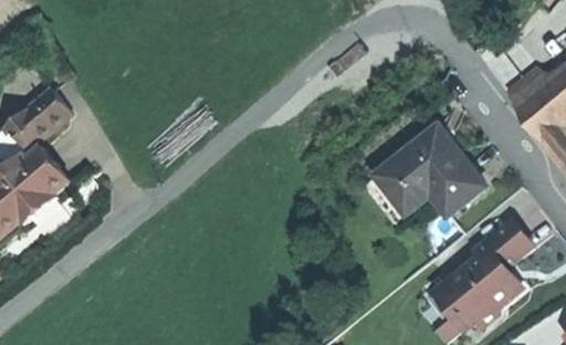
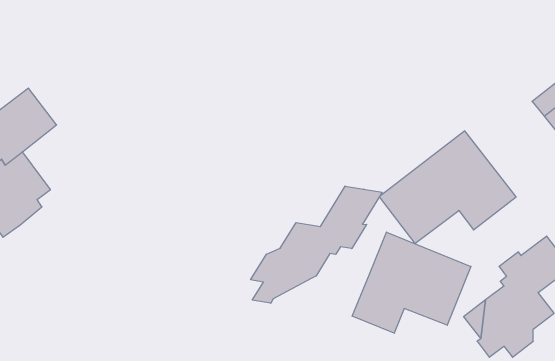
building: none -> [251,186,382,303]
building: none -> [352,232,471,333]

